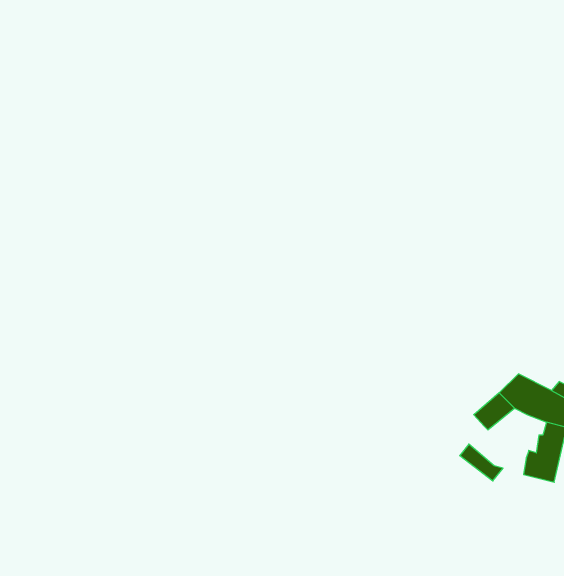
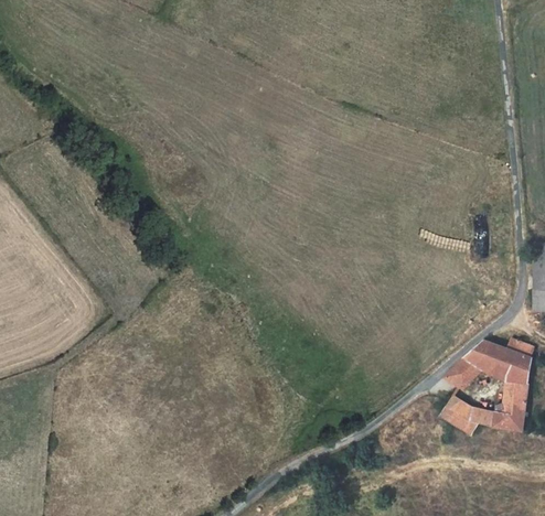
building: none -> [446,390,495,428]

